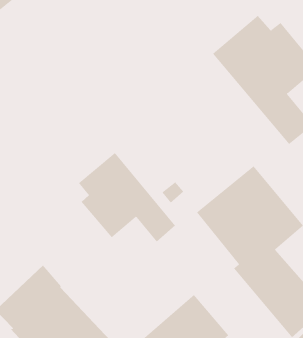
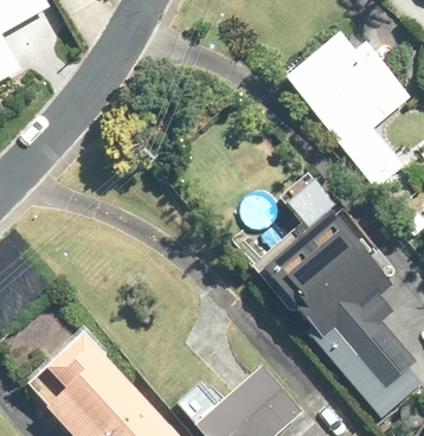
building: [78,152,176,242] -> none

